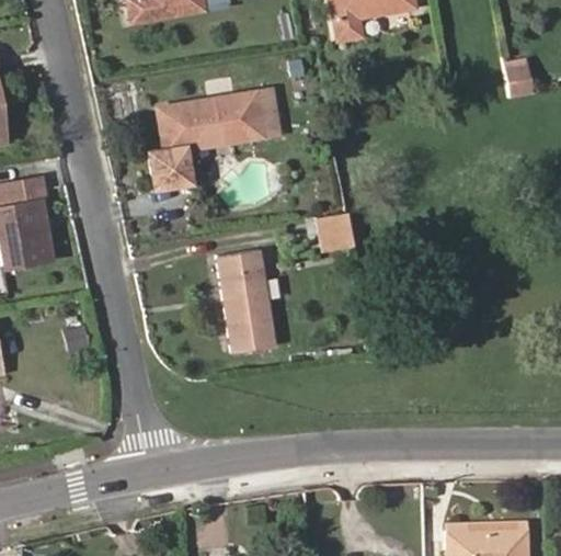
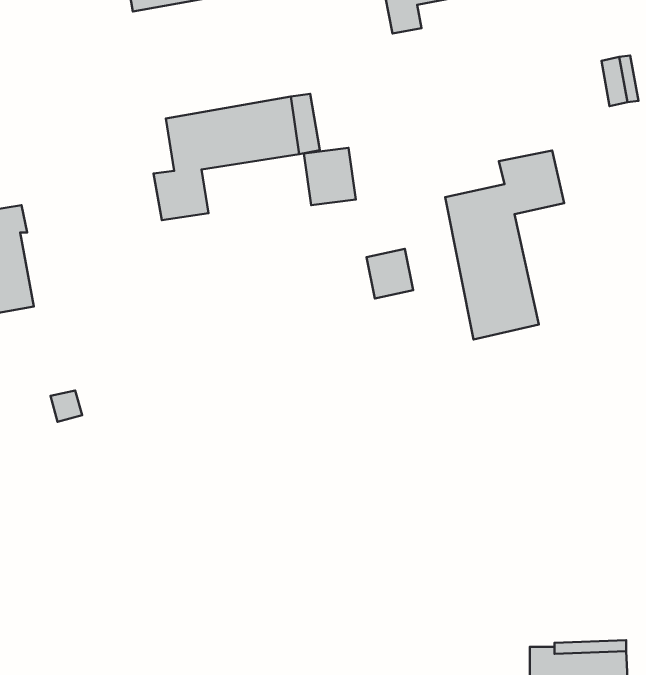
building: none -> [304,148,356,205]
building: none -> [445,150,564,340]
building: [218,248,276,351] -> none

